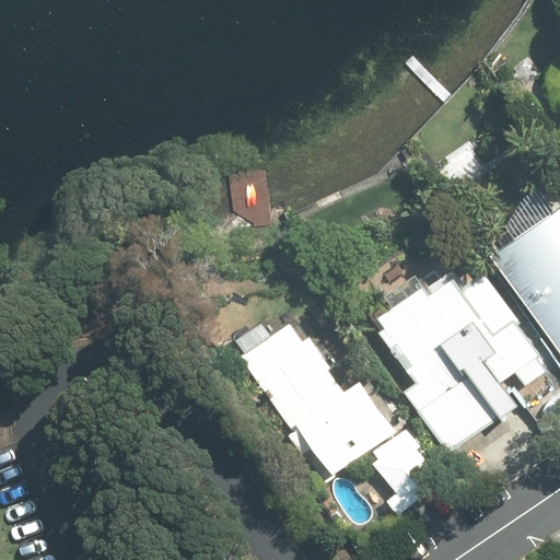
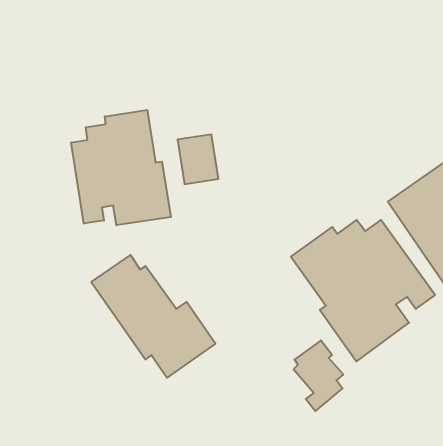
building: none -> [71,110,171,225]
building: [238,320,394,475] -> [91,255,215,378]

